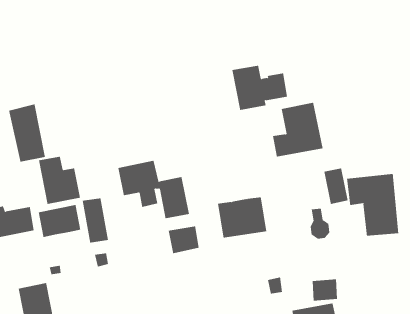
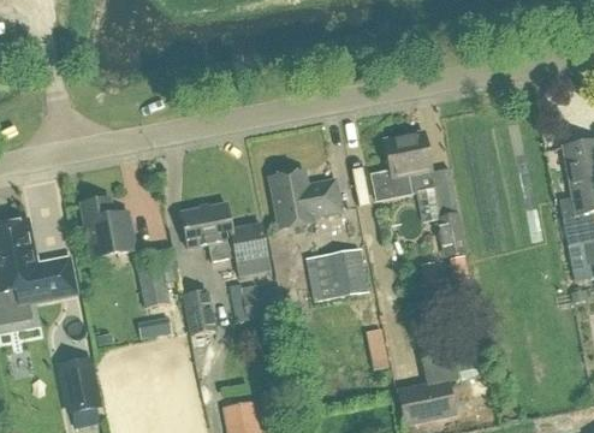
building: [232,65,288,110] -> [271,171,340,227]
building: [8,104,45,162] -> none
building: [347,173,399,236] -> none
building: [38,204,81,238] -> none
building: none -> [186,287,215,332]

